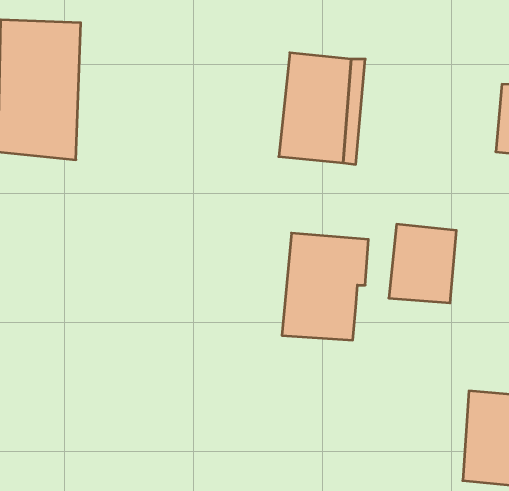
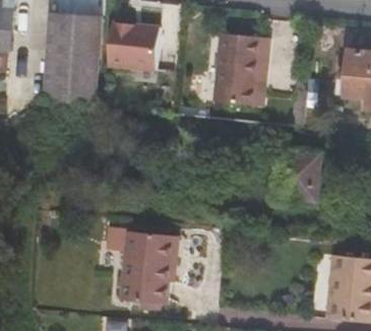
building: none -> [94,21,145,69]
building: [282,233,368,340] -> [122,235,178,304]

